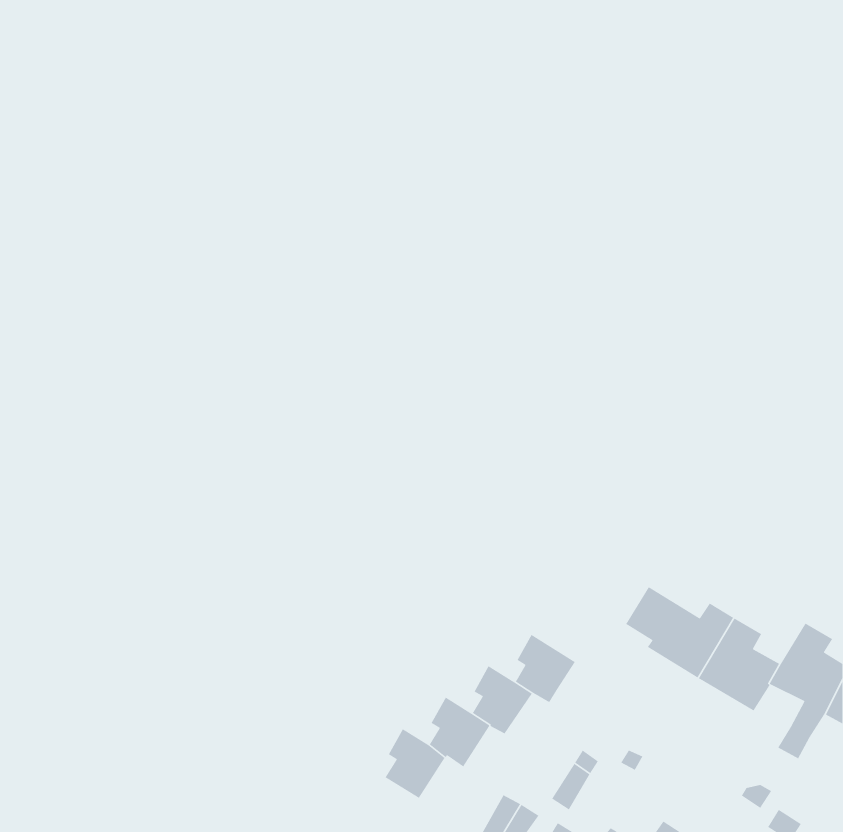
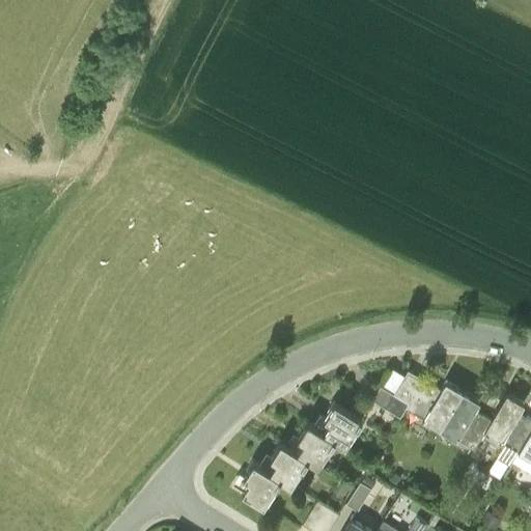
building: none -> [371,392,410,423]

